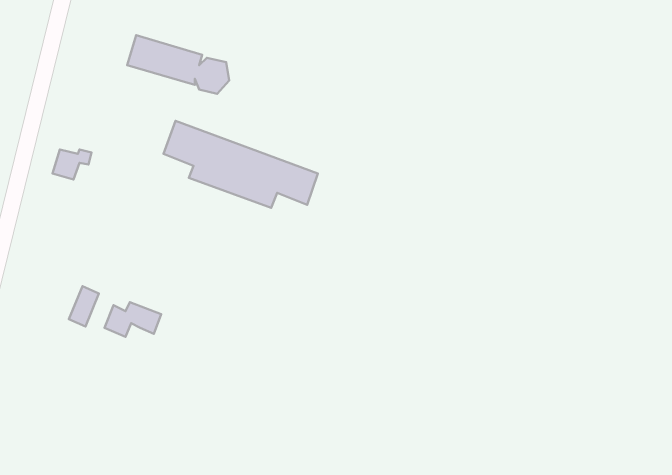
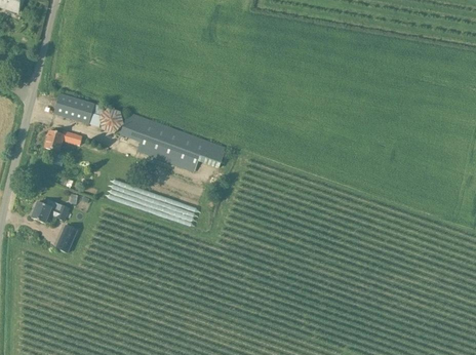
building: [127,35,229,94] -> [53,92,123,132]
building: [104,302,161,337] -> [31,199,70,223]

